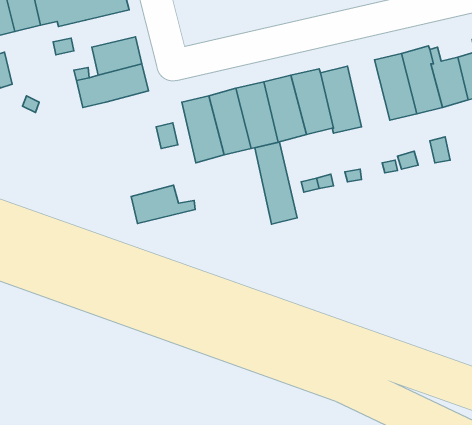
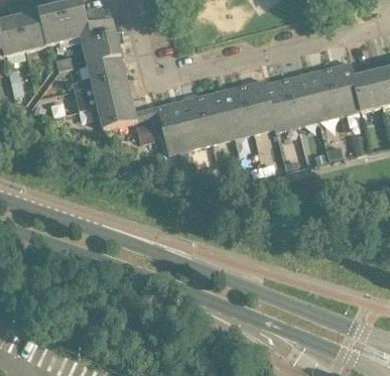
building: none -> [81,33,120,62]
building: none -> [286,73,319,125]
building: [255,142,297,224] -> none
building: [131,185,195,224] -> [97,97,147,127]

